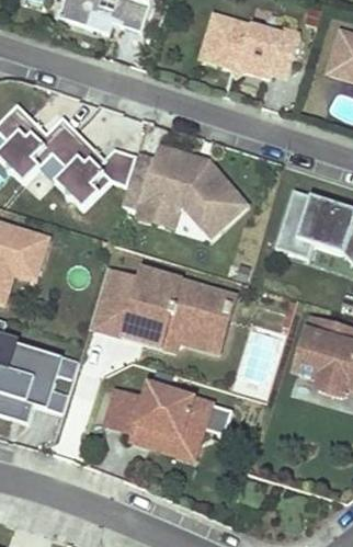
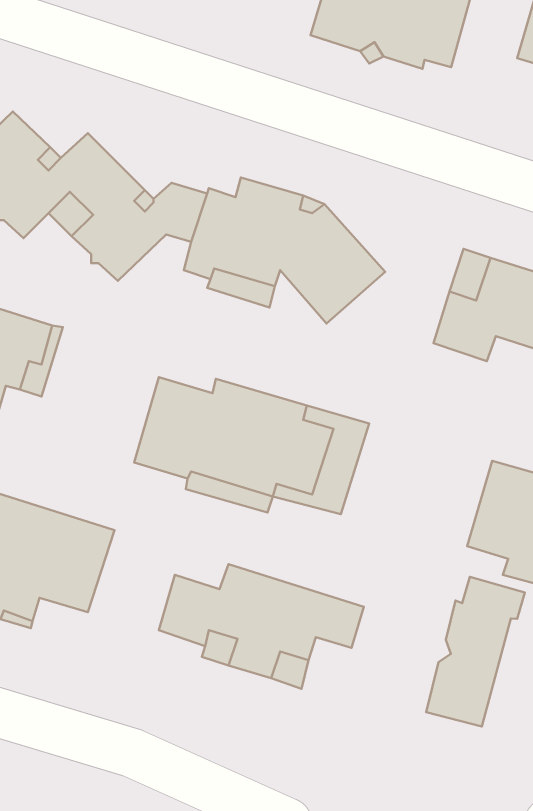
building: none -> [426,577,525,726]

